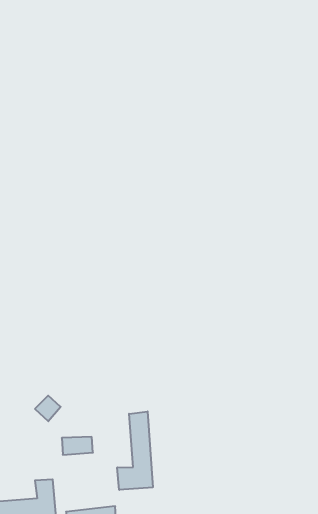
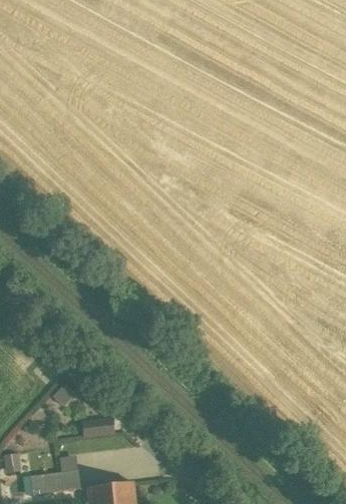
building: [117,411,153,490] -> none

